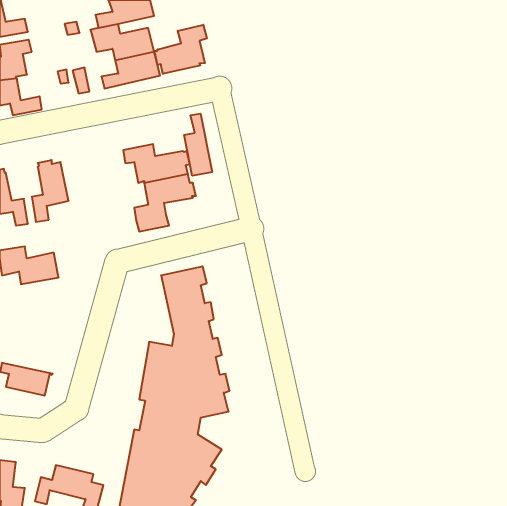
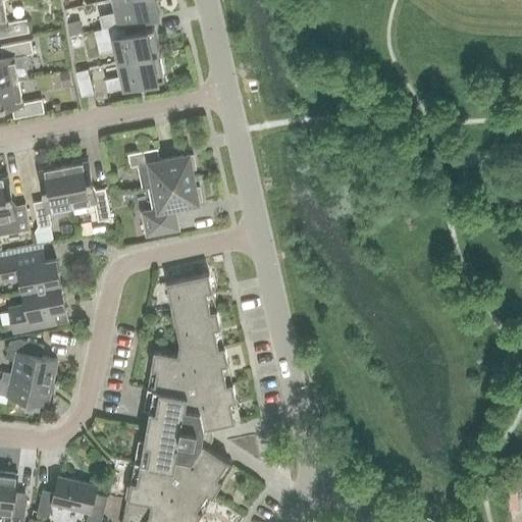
building: [154,25,207,74] -> none
building: [184,114,212,176] -> none
building: none -> [62,160,110,223]
building: none -> [7,286,65,334]
building: none -> [5,343,56,385]

